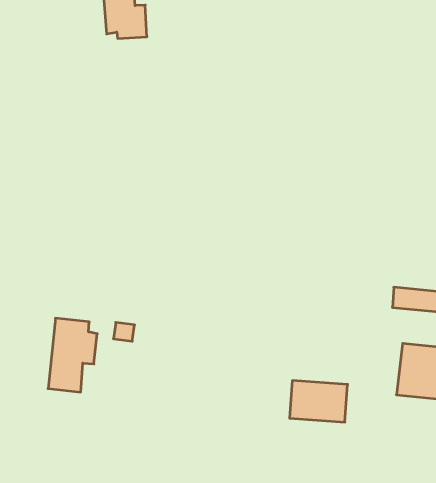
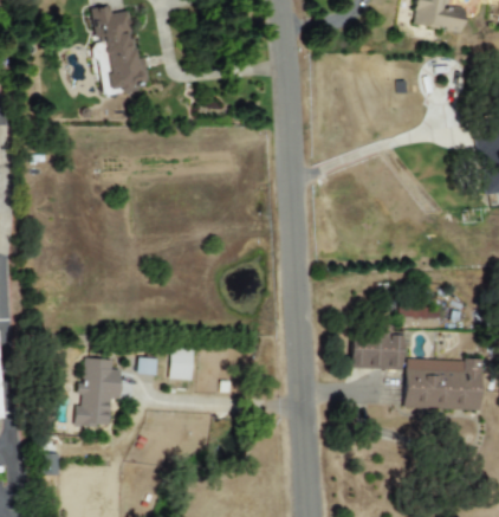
building: none -> [170,349,194,379]
building: [290,381,348,422] -> [351,332,403,368]

